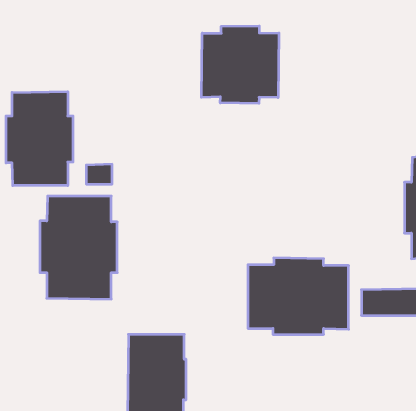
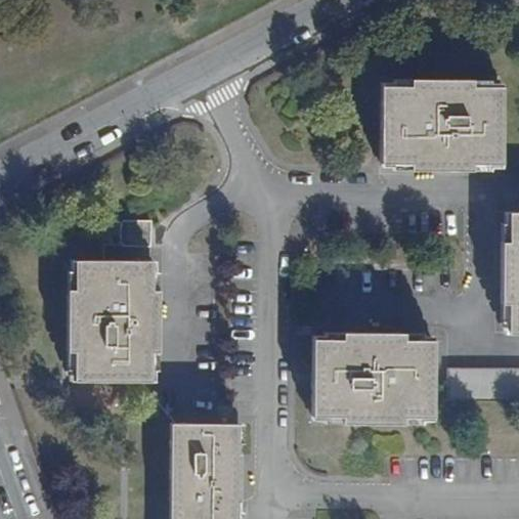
building: [201,26,279,103] -> none
building: none -> [383,79,507,172]
building: [6,92,73,186] -> none

